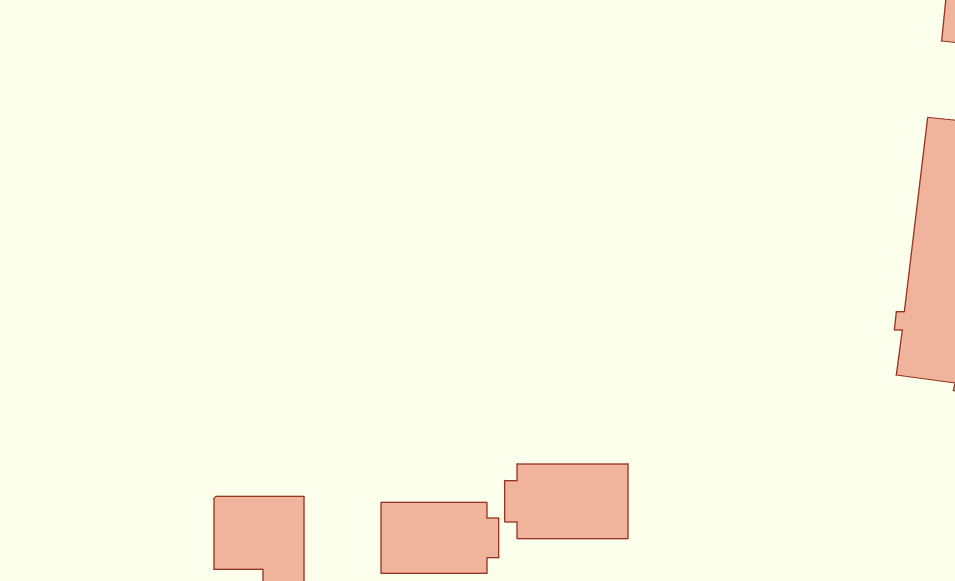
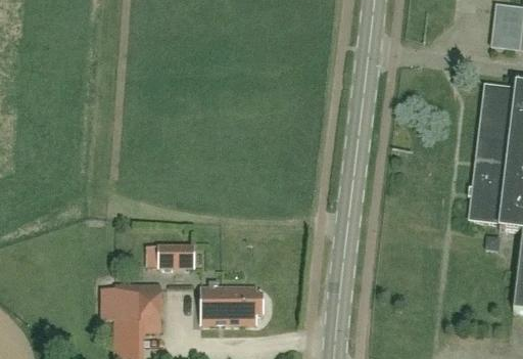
building: none -> [158,244,194,268]
building: [505,464,628,539] -> none

